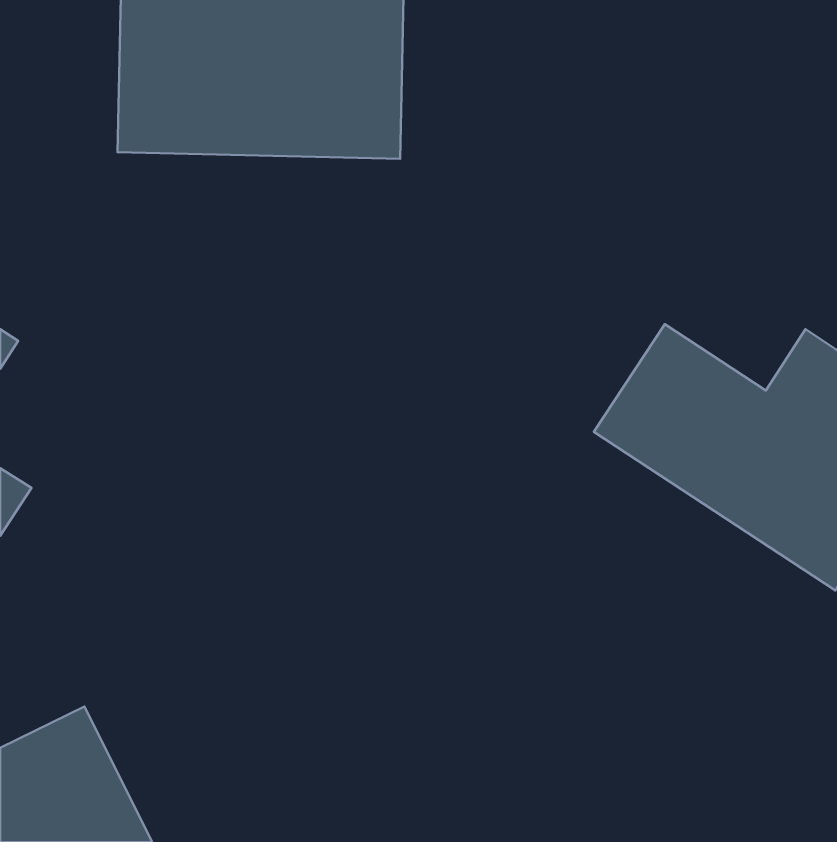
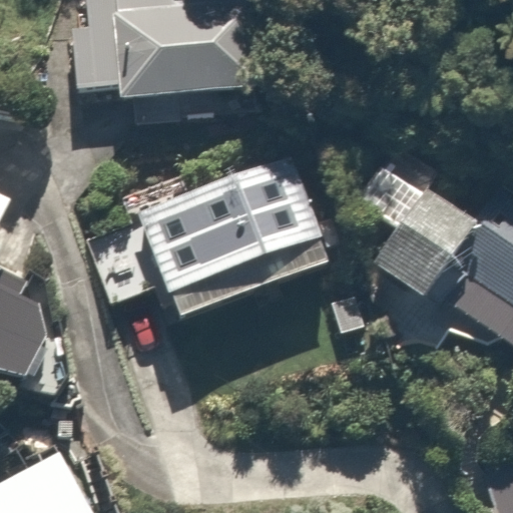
building: none -> [133,155,332,325]

